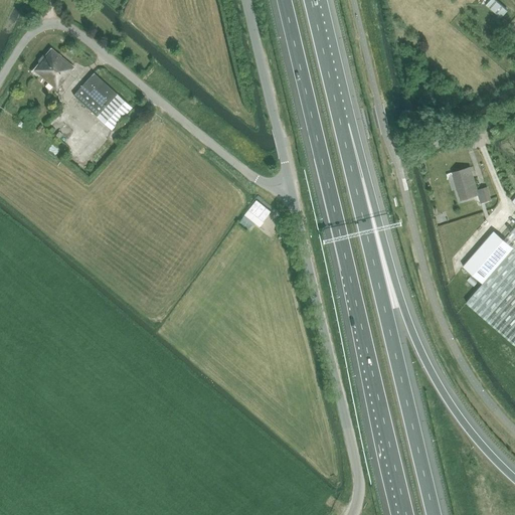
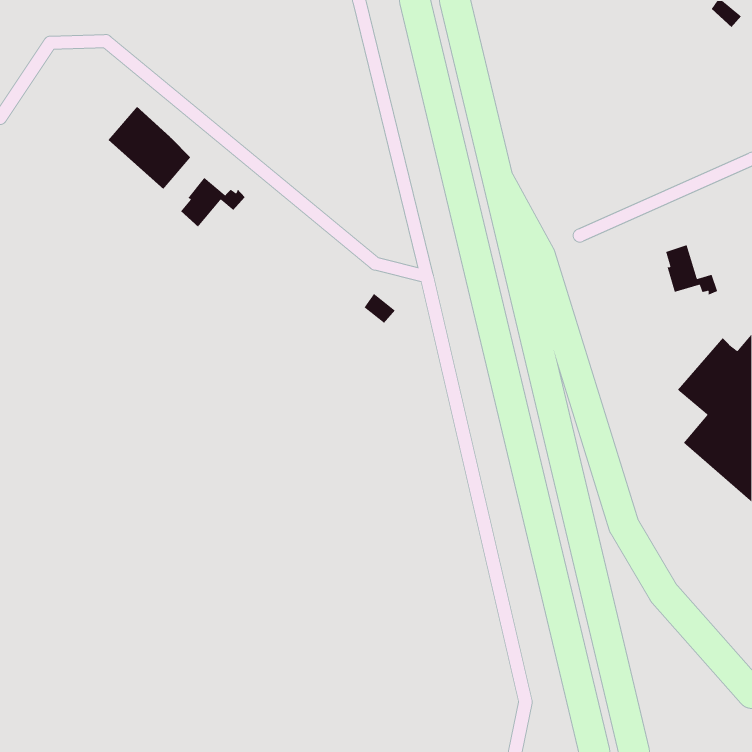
building: [31,47,73,90] -> none
building: none -> [180,177,245,227]

